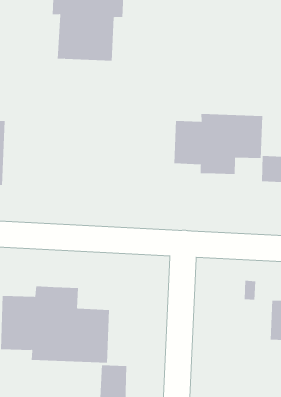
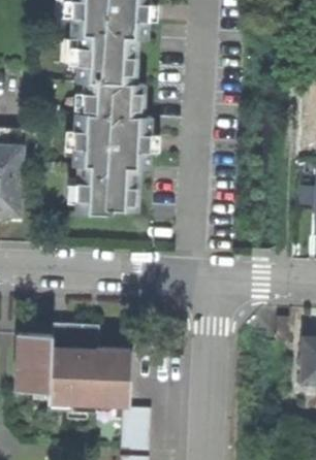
building: none -> [72,81,149,215]
building: [174,113,263,175] -> none

